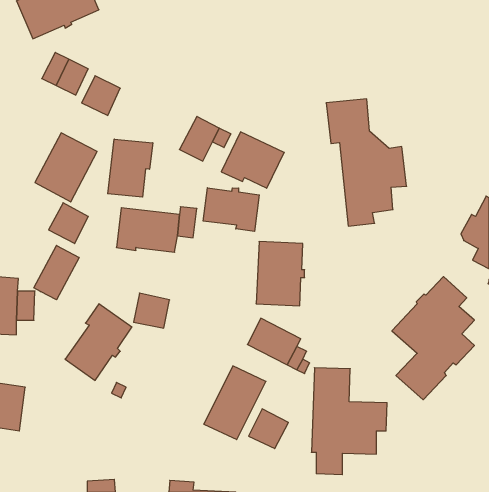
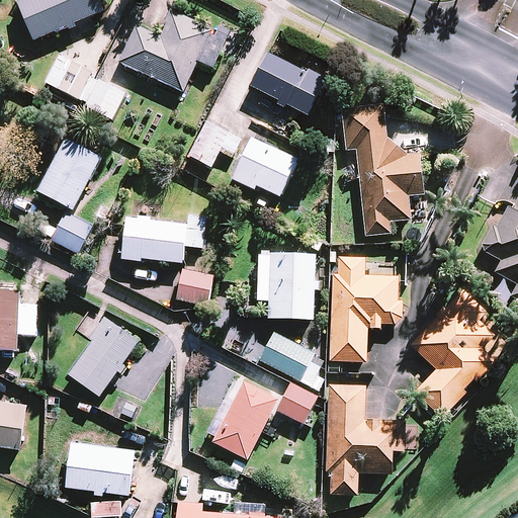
building: none -> [118,10,212,93]
building: none -> [250,52,326,115]
building: [108,139,153,197] -> none
building: [203,188,259,231] -> none
building: [34,245,79,300] -> none
building: none -> [329,256,403,361]
building: [134,293,170,328] -> [176,269,213,306]
building: [249,409,288,449] -> [275,381,317,423]
building: none -> [65,442,135,495]

